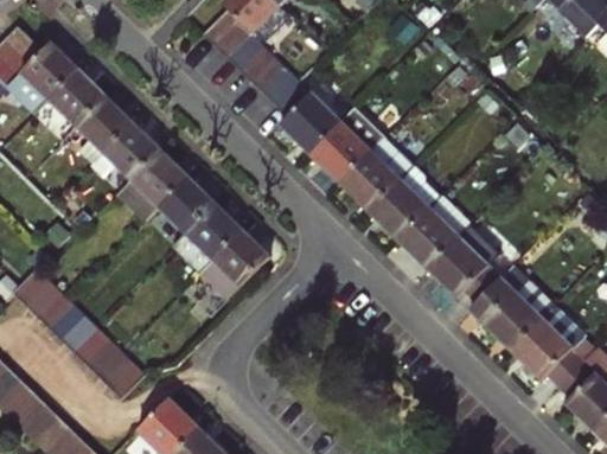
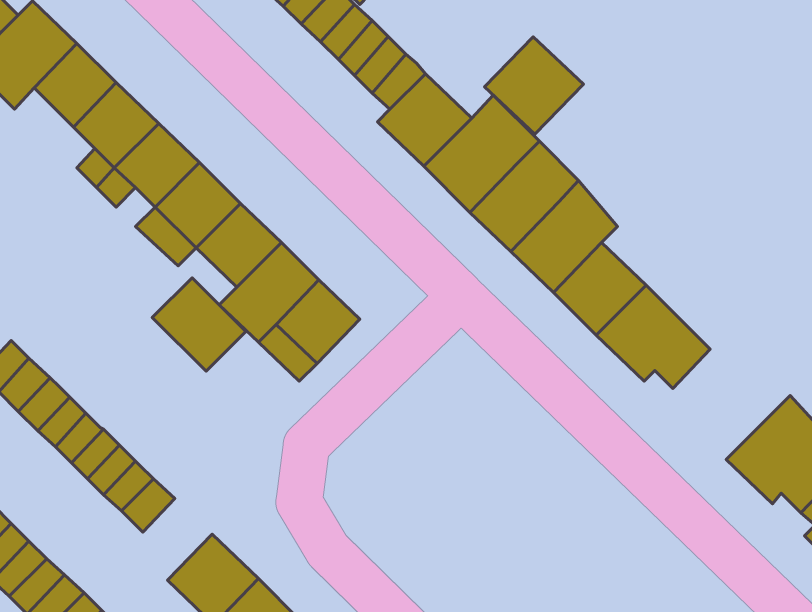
building: none -> [484,37,584,134]
building: none -> [152,278,246,371]
building: [475,263,555,349] -> none

